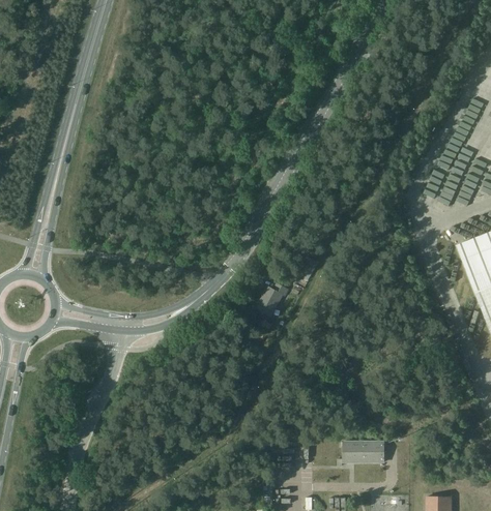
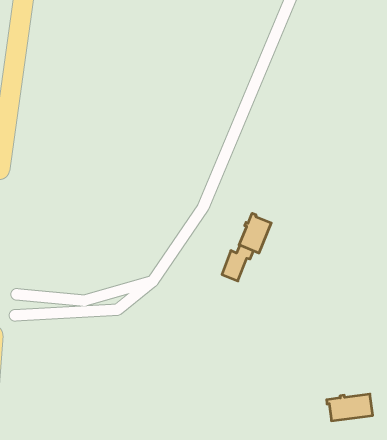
building: none -> [239,213,271,253]

